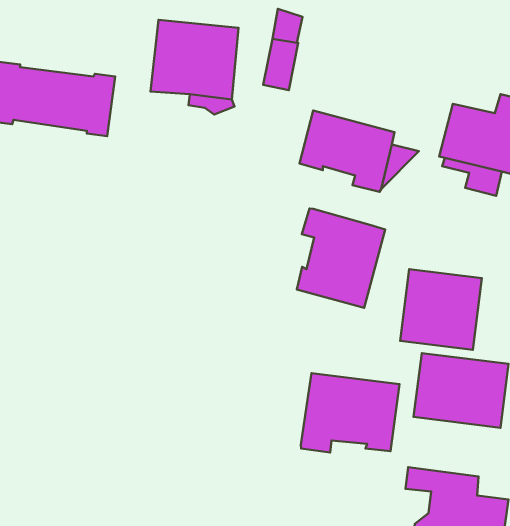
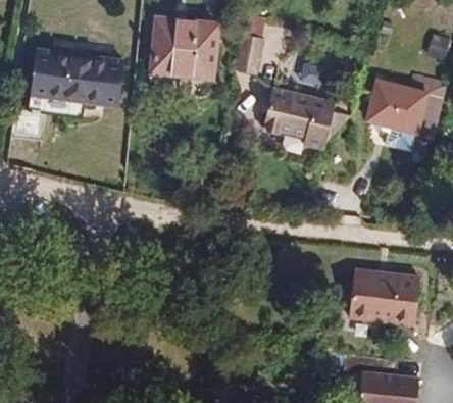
building: [297,208,385,308] -> none
building: [400,269,482,350] -> none
building: [301,373,399,453] -> none

